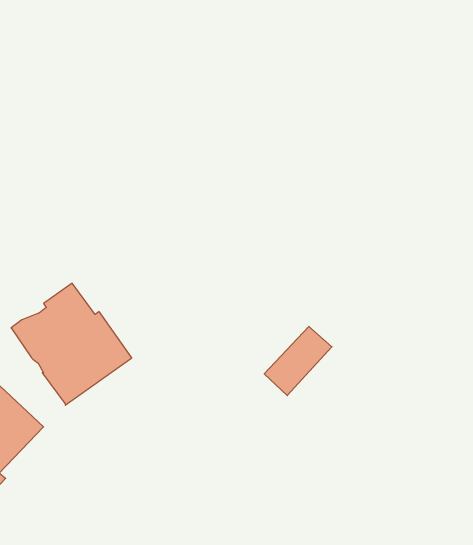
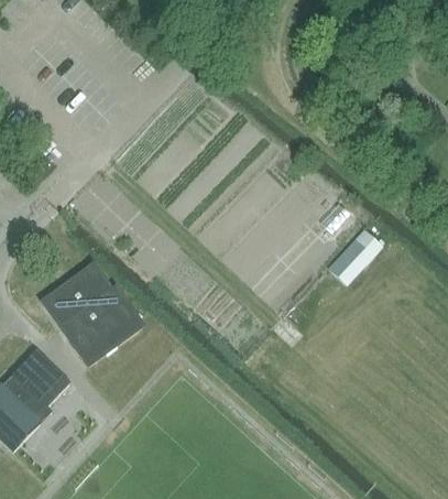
building: [264,326,332,396] -> [329,231,384,288]

